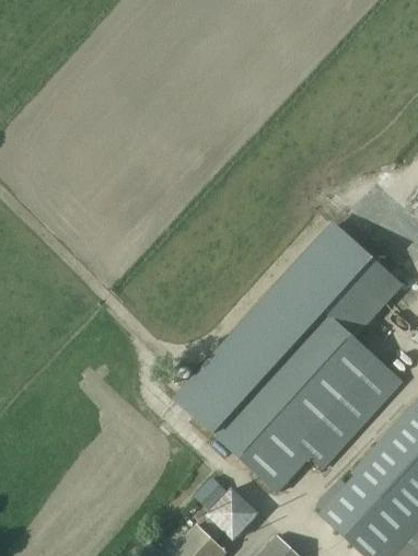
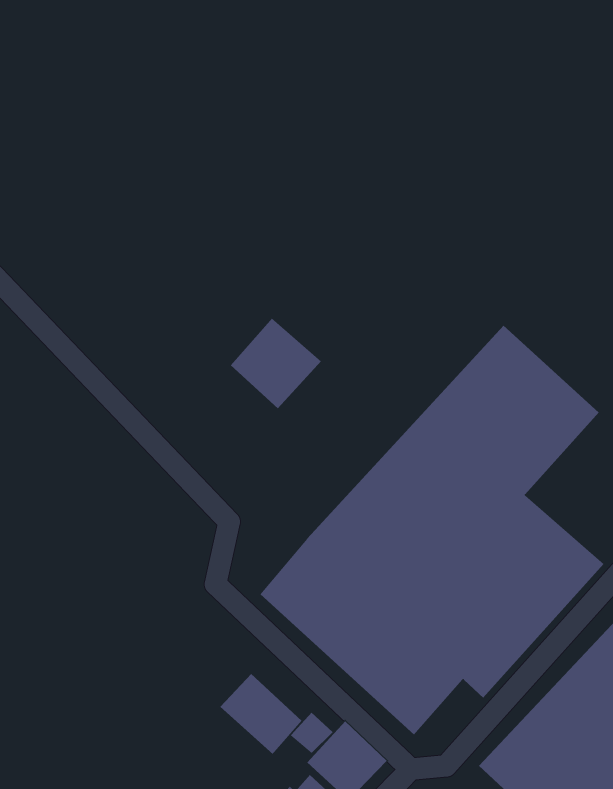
building: none -> [230,317,322,409]
building: none -> [220,673,302,755]

